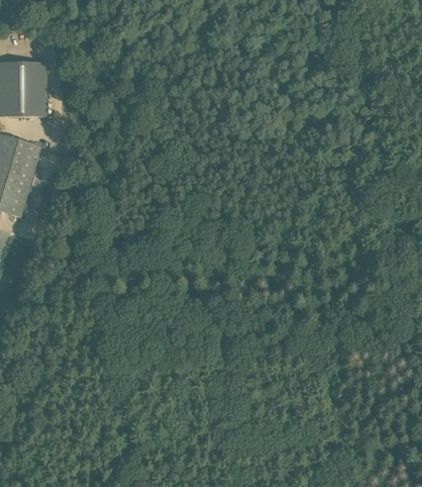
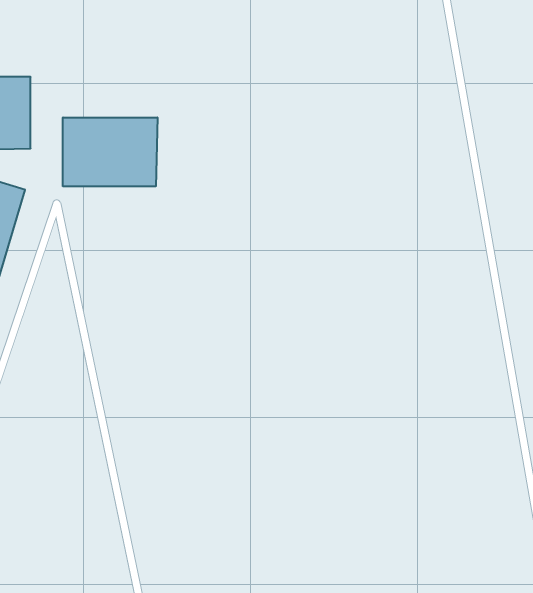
building: none -> [63,117,157,186]

